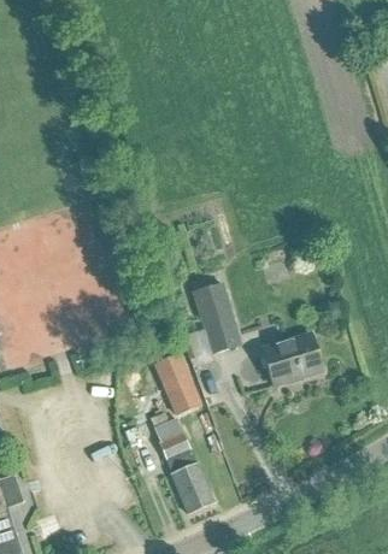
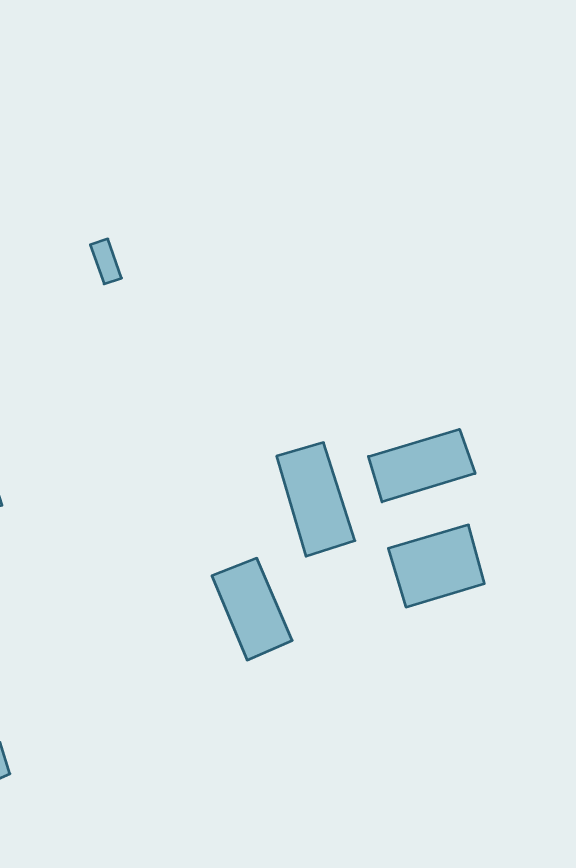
building: none -> [368,429,475,502]
building: [154,419,212,513] -> none

